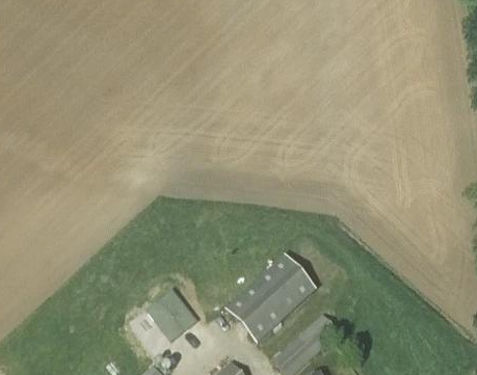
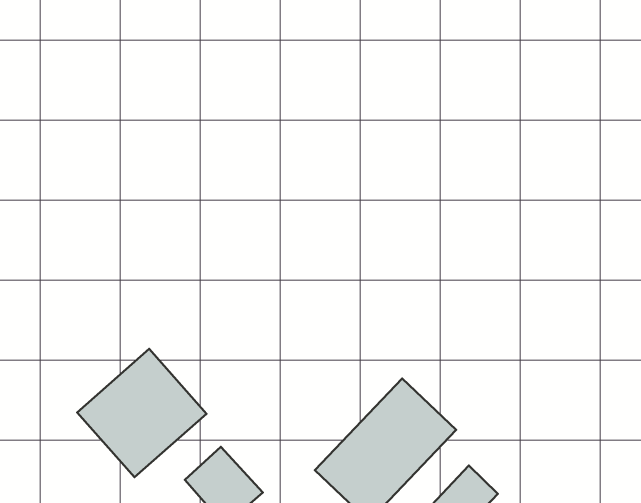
building: none -> [77,349,206,477]

